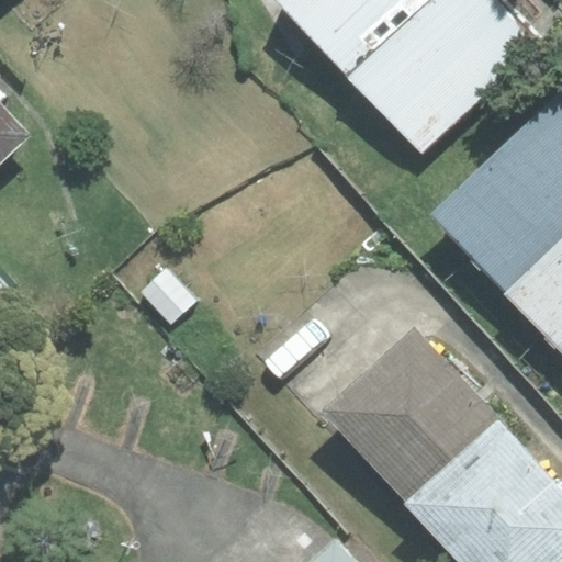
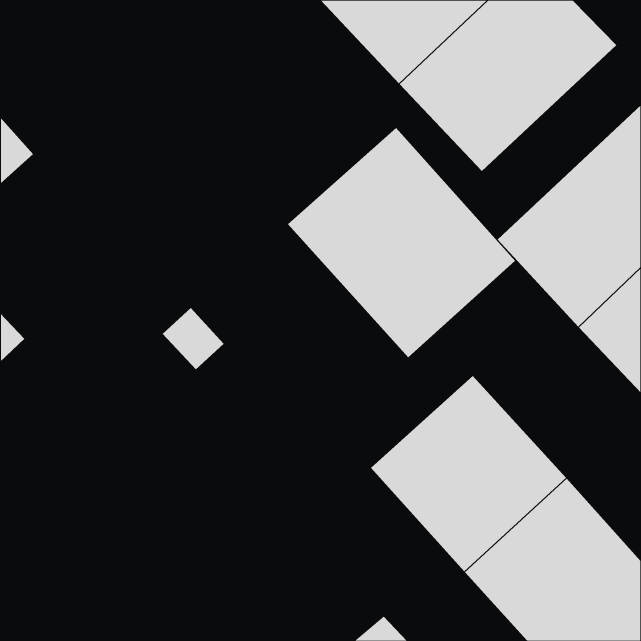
building: none -> [287,127,516,358]

